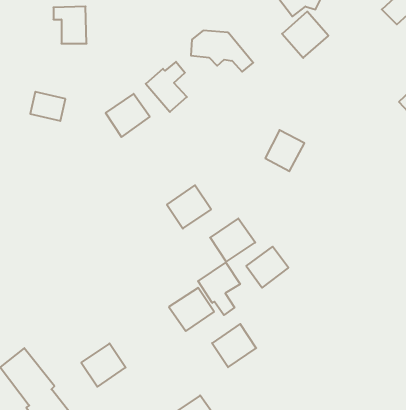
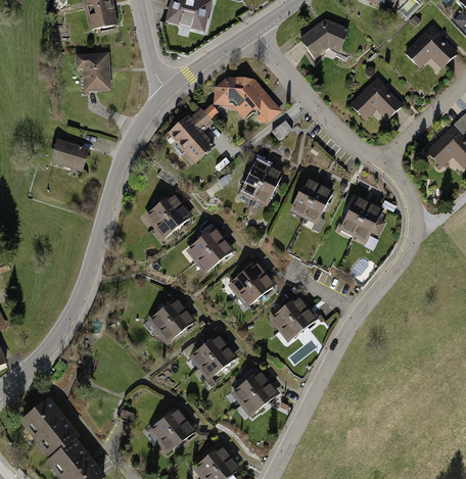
building: [282,12,328,58] -> [354,83,401,130]
building: [106,94,150,137] -> [147,199,192,243]
building: none -> [239,158,280,201]
building: none -> [340,195,382,236]
building: none -> [148,301,193,345]
building: [198,262,240,315] -> none
building: [81,343,126,387] -> [151,410,196,453]

